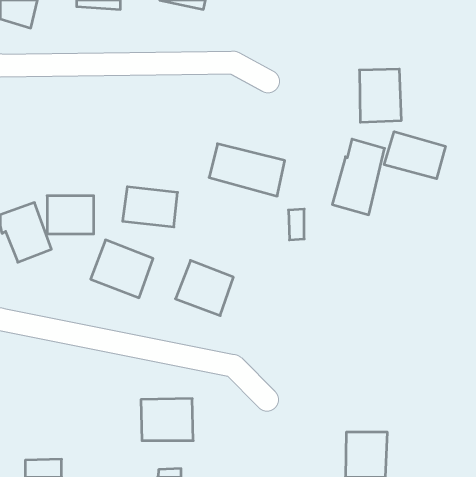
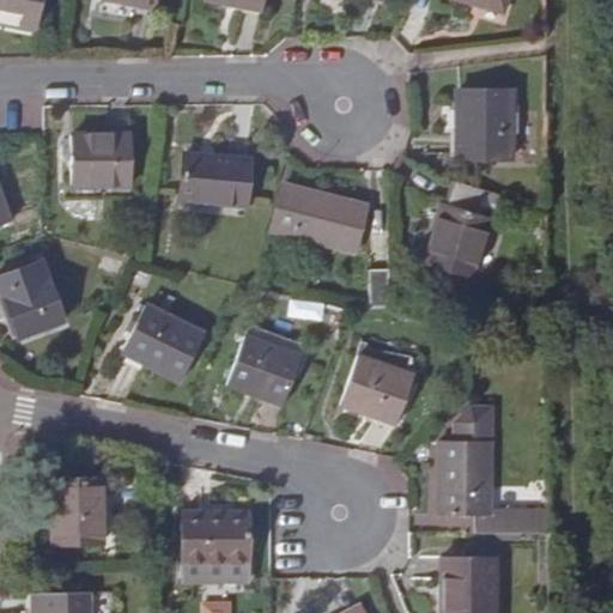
building: [384,132,445,179] -> none
building: [123,187,178,227] -> [180,153,250,205]
building: [47,196,94,234] -> [73,134,133,183]
building: none -> [341,356,412,424]
building: none -> [444,407,551,530]
building: none -> [53,480,103,542]

